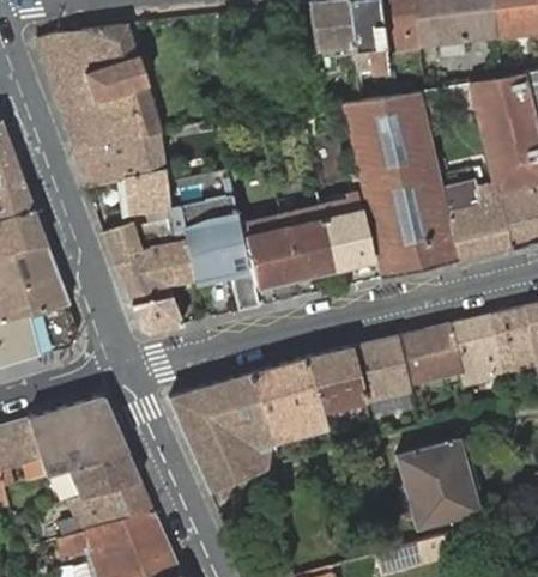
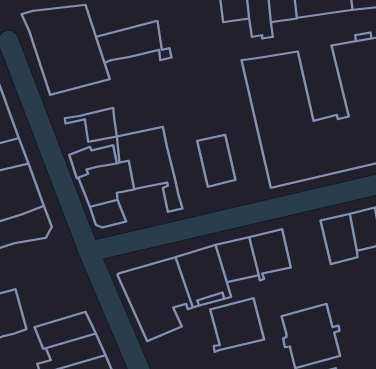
building: [77,129,181,187] -> [96,21,171,63]
building: [319,189,374,268] -> none
building: [238,214,295,287] -> none
building: [398,324,463,394] -> none
building: [29,397,126,474] -> none
building: none -> [210,298,264,352]

